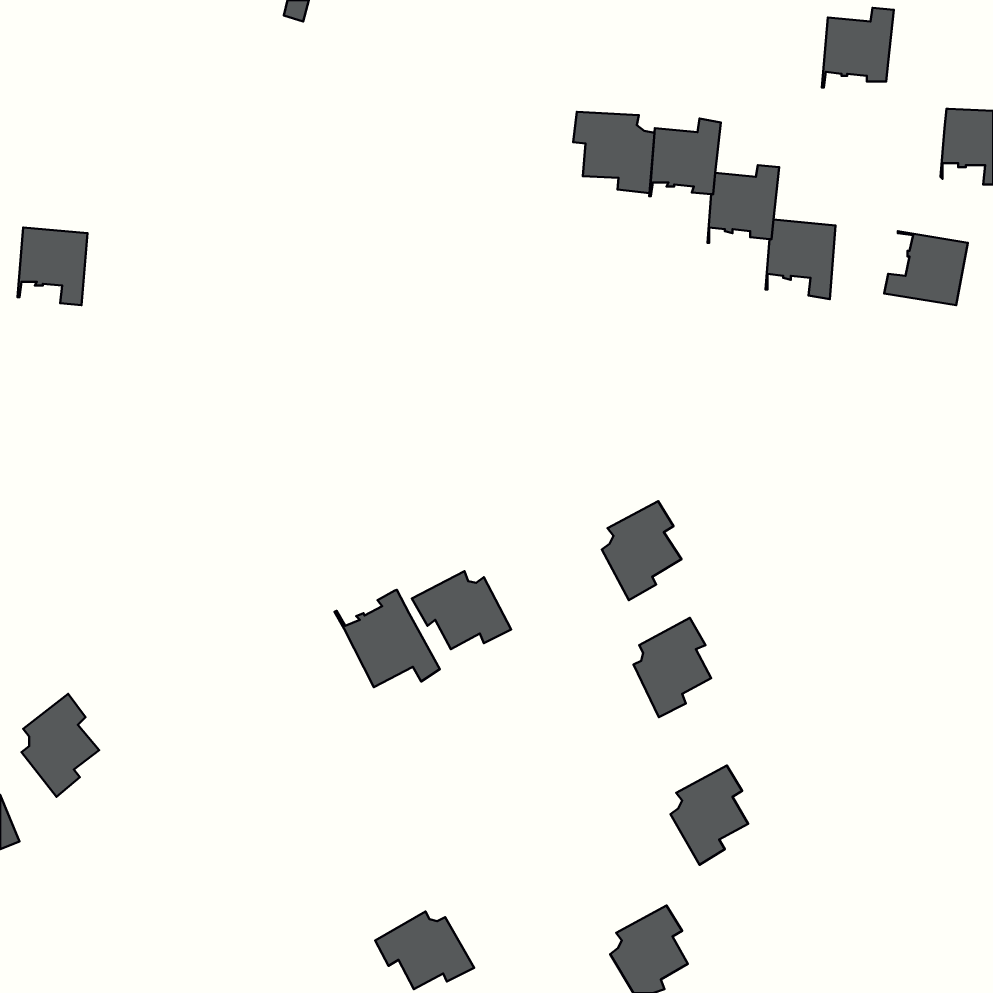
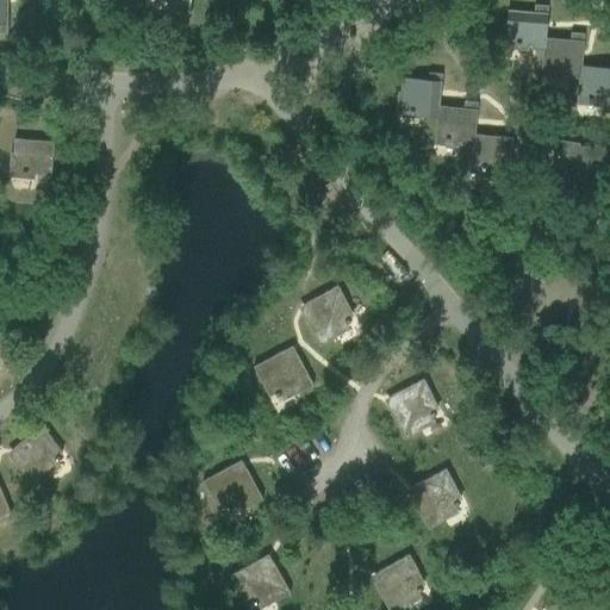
building: none -> [540,33,584,81]
building: [573,112,655,193] -> none
building: [602,501,681,600] -> [303,286,351,347]
building: [335,590,440,687] -> none
building: none -> [203,465,262,512]

